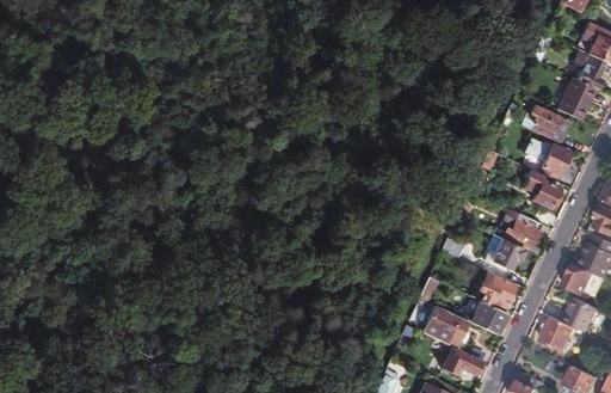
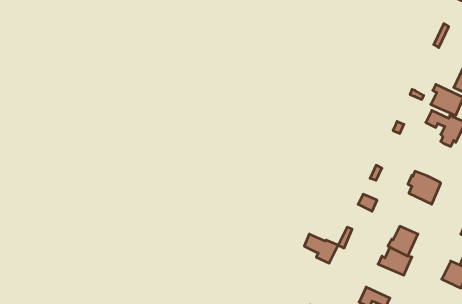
building: [525,168,560,222] -> none
building: [483,234,521,269] -> none
building: [415,309,456,344] -> [304,234,338,263]

